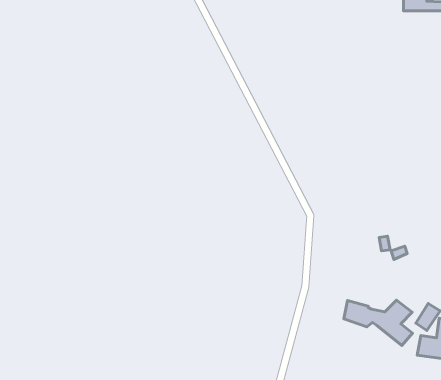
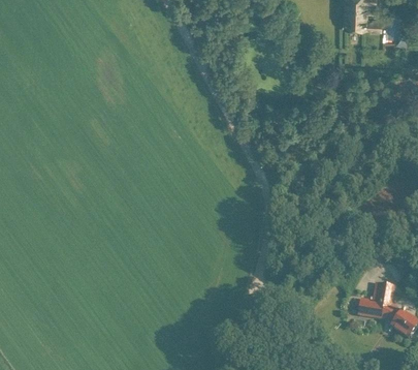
building: [344,300,413,345] -> none

